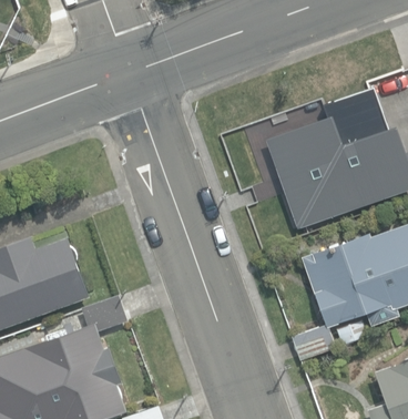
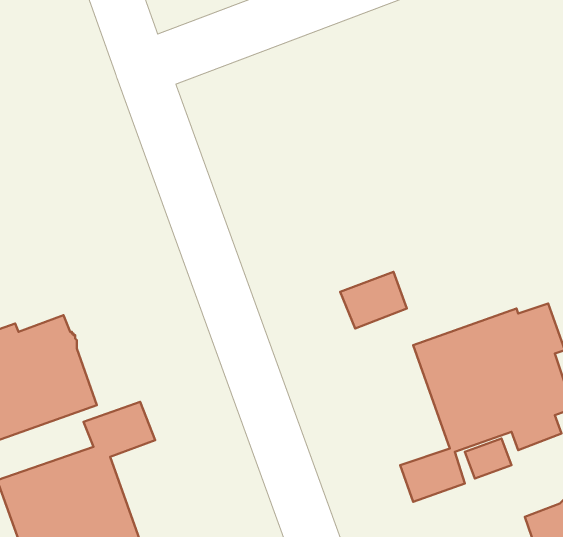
building: [269,112,390,224] -> none

